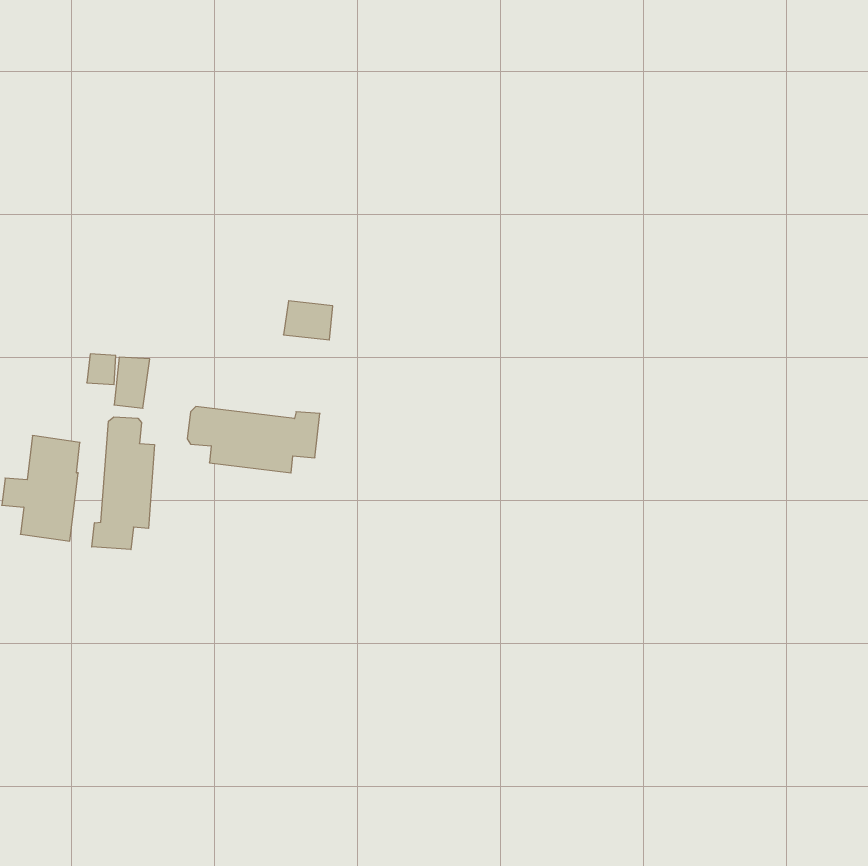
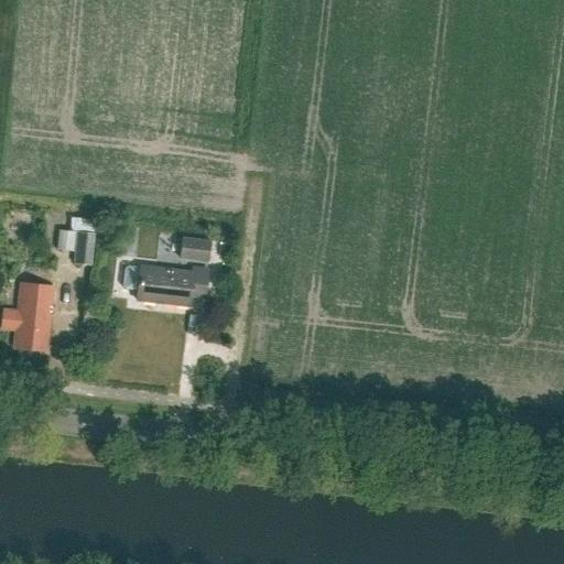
building: [283,301,333,340] -> [180,236,212,261]
building: [92,417,154,550] -> none

